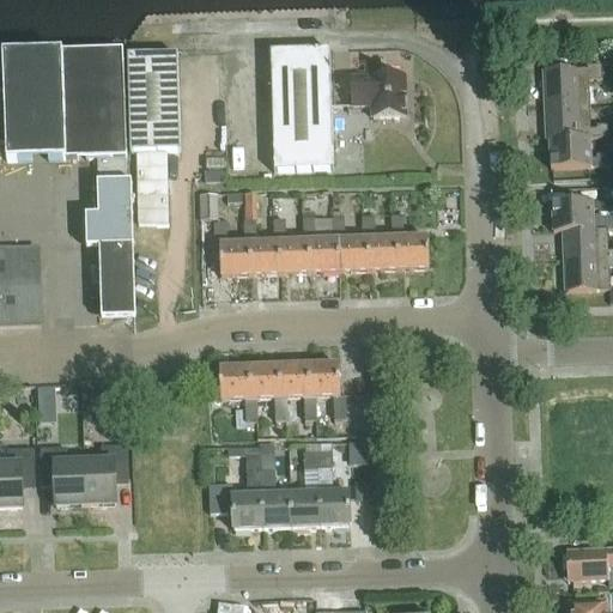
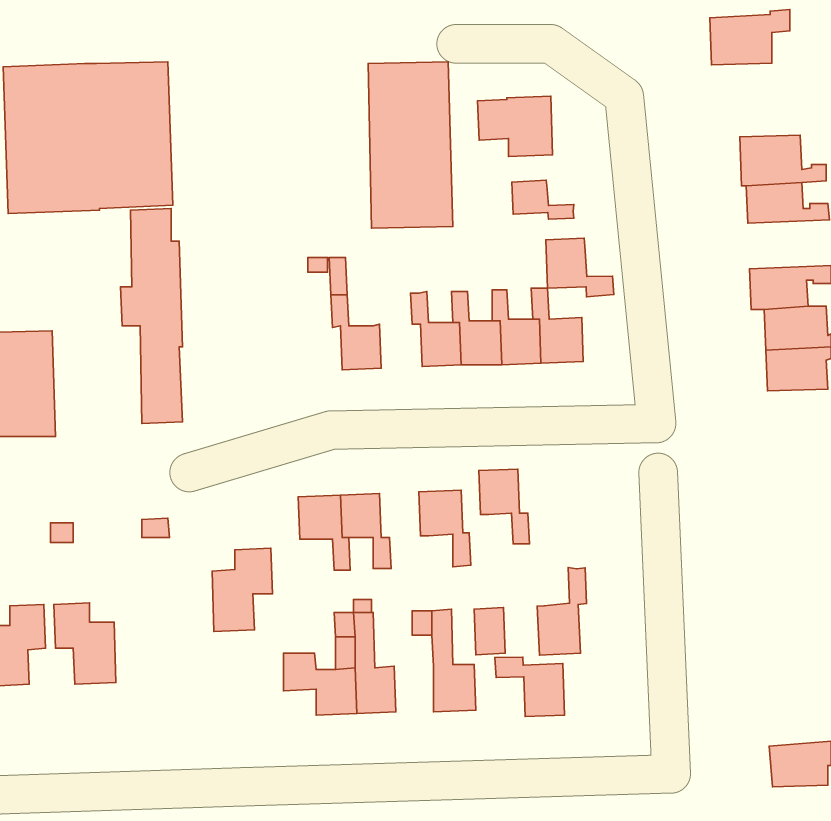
building: [128,49,178,219] -> none
building: [542,60,601,101] -> [710,10,790,65]
building: none -> [512,180,574,219]
building: none -> [546,238,614,297]
building: [273,216,310,271] -> none
building: [213,218,251,273] -> none
building: [279,362,316,417] -> [479,469,529,544]
building: none -> [537,568,587,655]
building: [84,441,128,502] -> [212,548,272,631]
building: none -> [495,657,565,717]
building: [290,490,318,523] -> none

